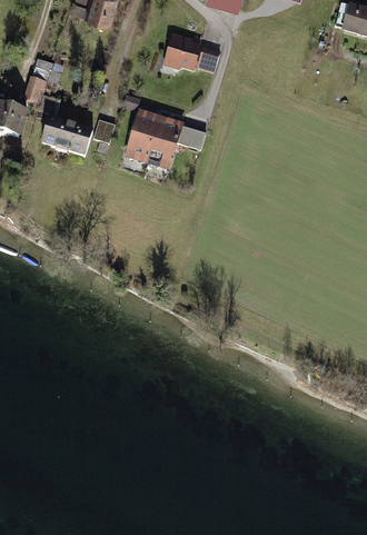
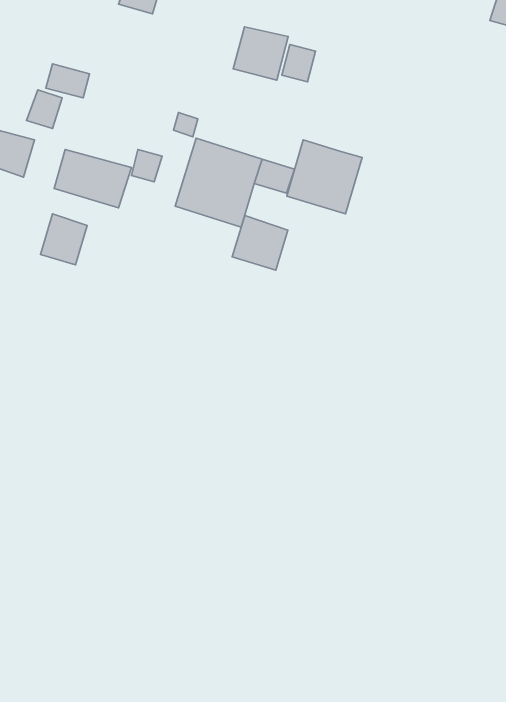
building: none -> [287,140,362,214]
building: none -> [40,214,87,265]
building: none -> [232,215,288,270]

